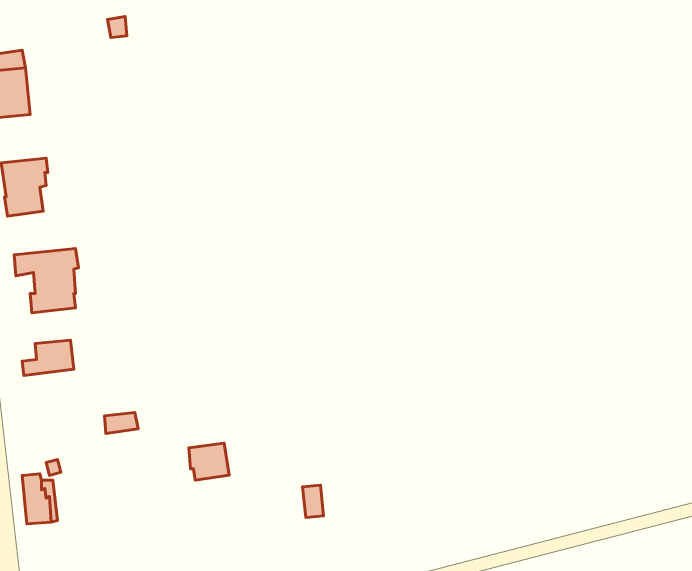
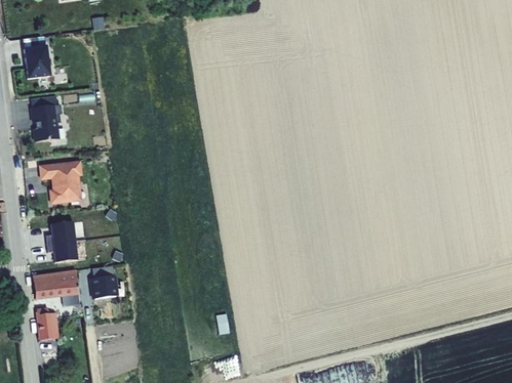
building: none -> [41,240,75,261]
building: none -> [36,270,83,304]
building: [189,443,229,480] -> [91,278,117,301]

